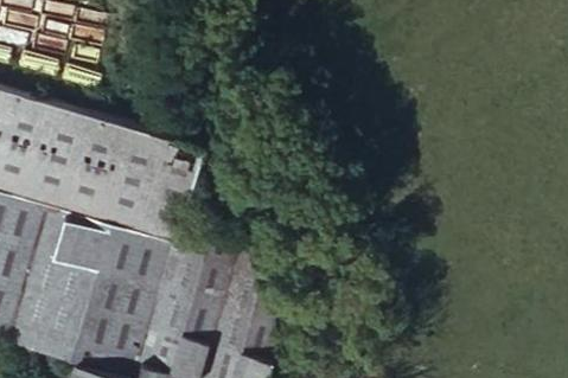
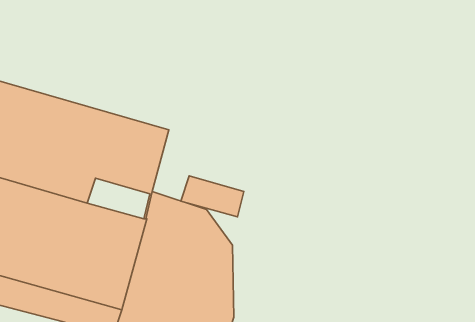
building: [101,206,172,252] -> [181,176,244,217]

